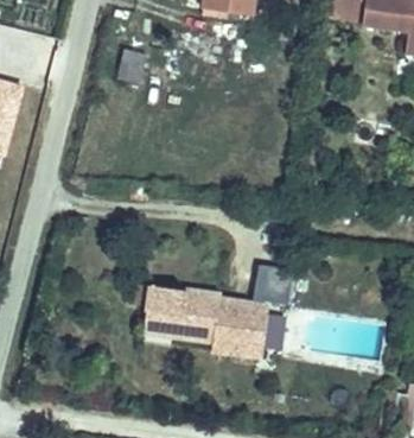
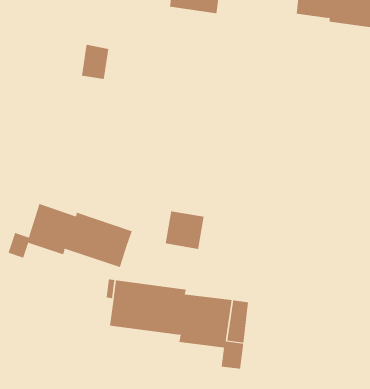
building: none -> [8,203,132,268]
building: [251,265,292,304] -> [165,211,205,249]

